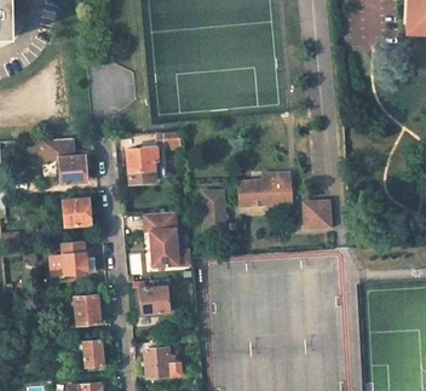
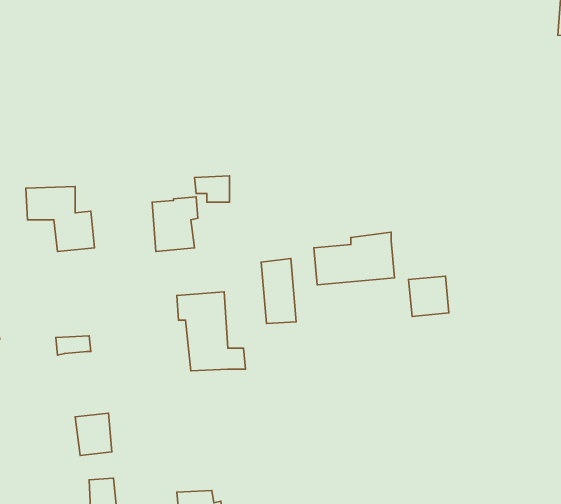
building: [63,199,91,226] -> none
building: [62,253,94,275] -> none
building: [139,287,169,315] -> none

